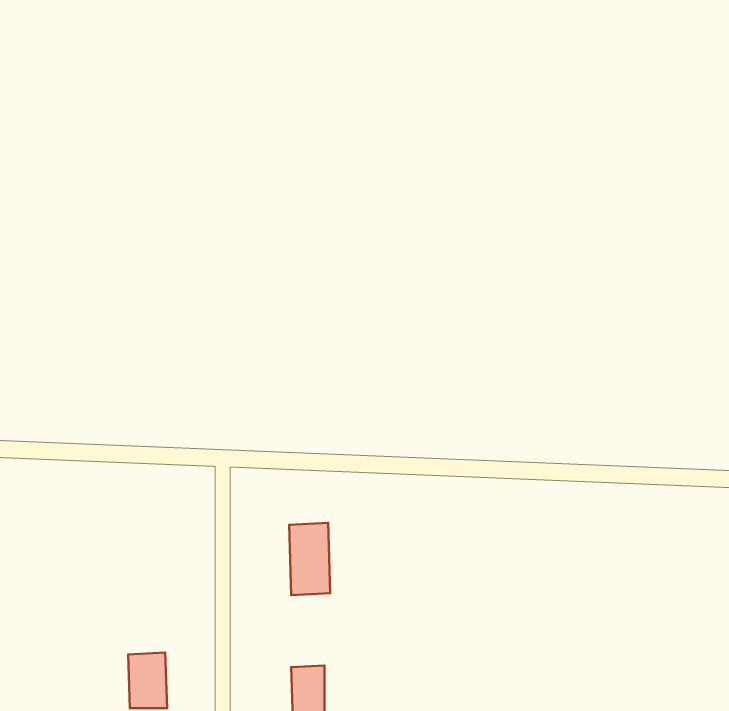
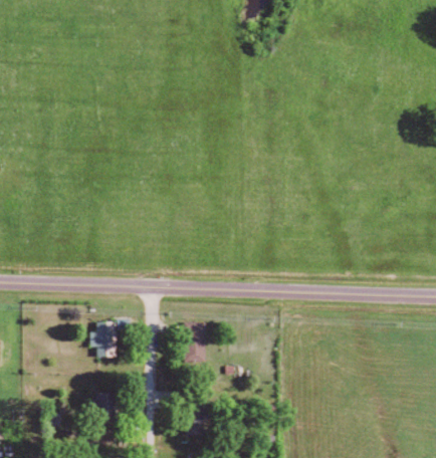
building: none -> [91,323,118,359]

